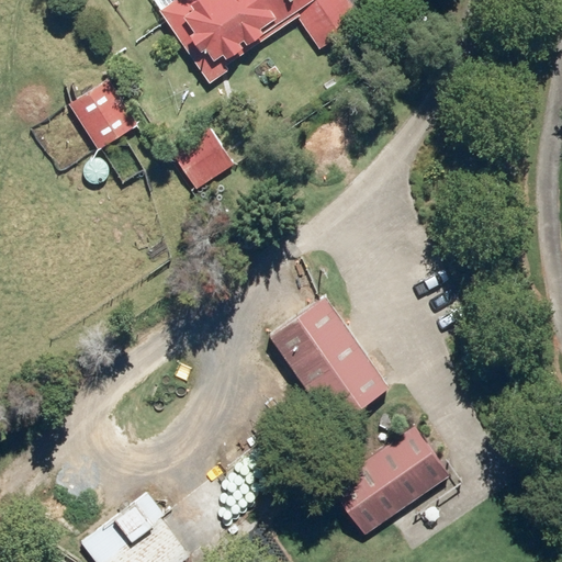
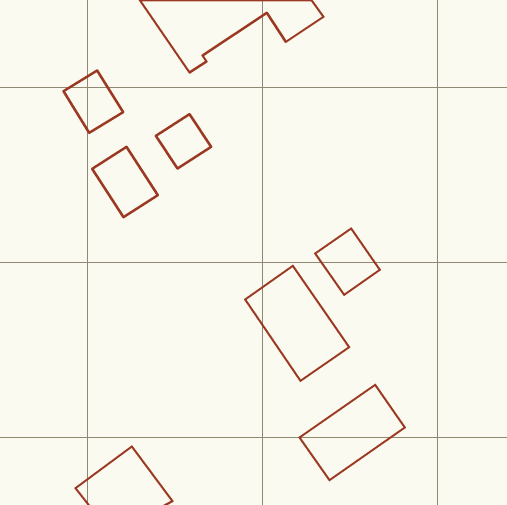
building: none -> [92,147,158,217]
building: none -> [315,228,380,295]

